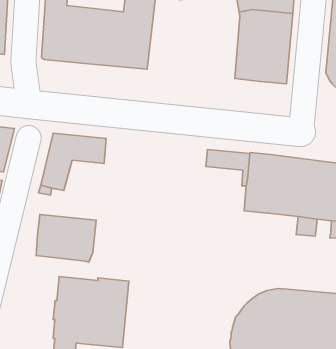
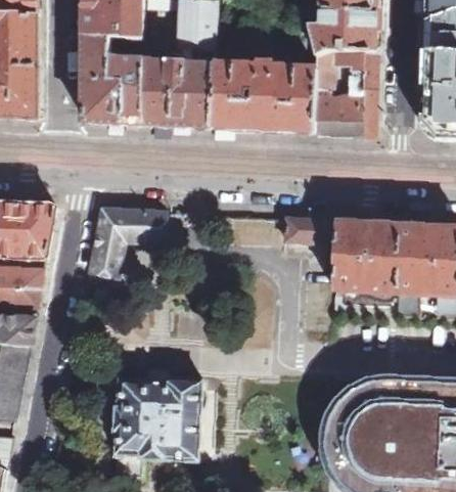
building: none -> [210,54,316,132]
building: [36,215,96,262] -> none

